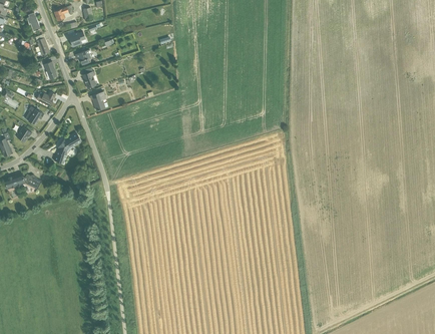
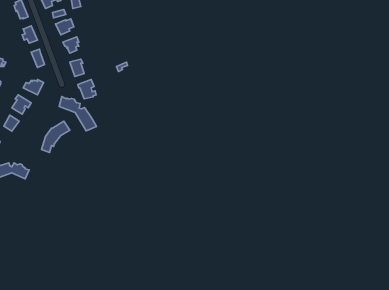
building: none -> [59,96,97,131]

